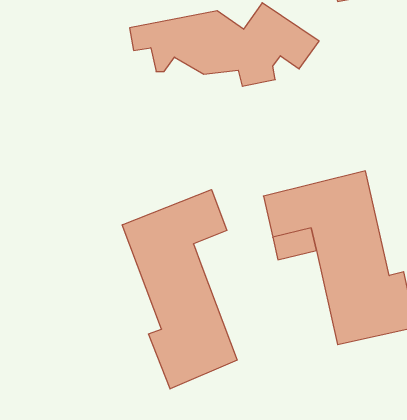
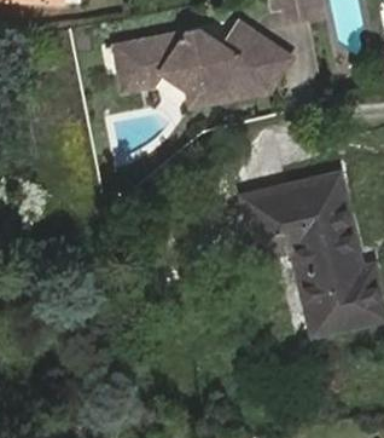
building: [122,190,237,389] -> none

